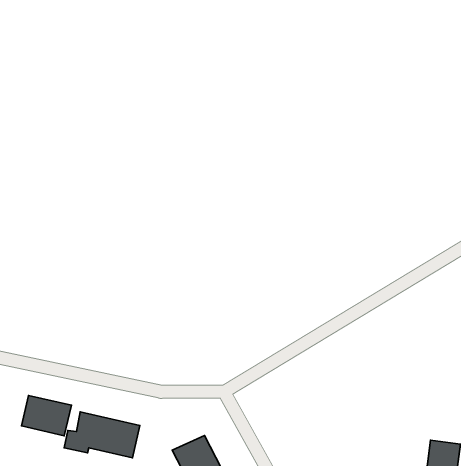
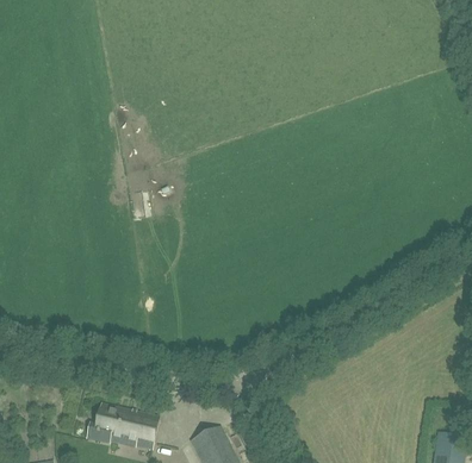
building: [21,395,71,436] -> none

